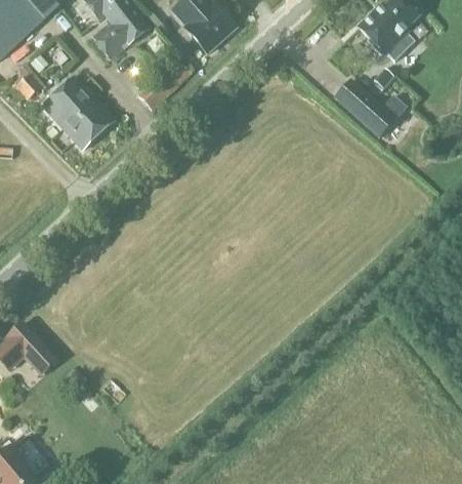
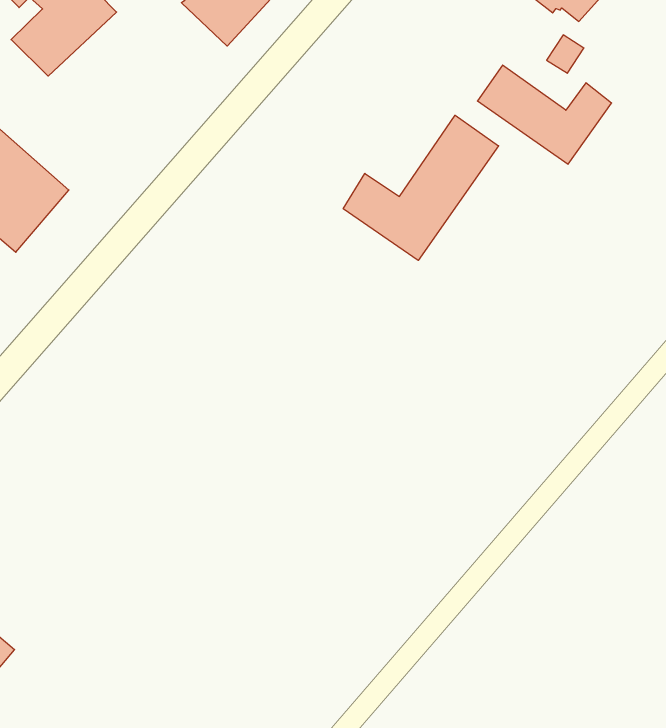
building: none -> [343,115,499,260]

